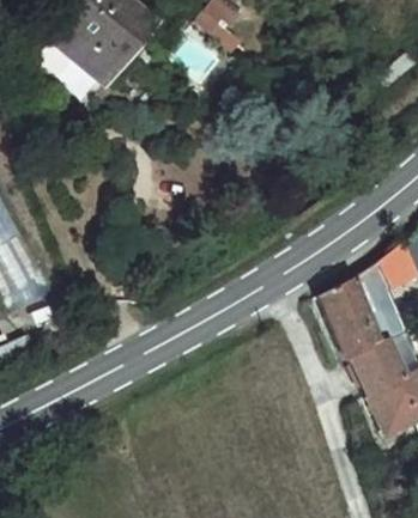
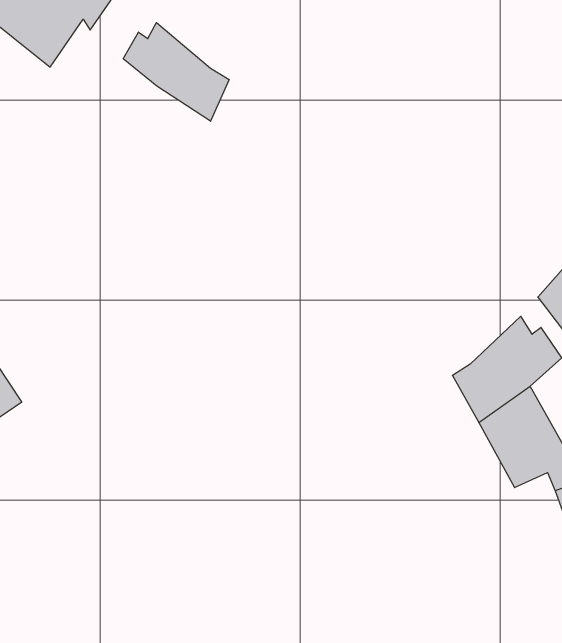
building: none -> [123,23,229,121]

